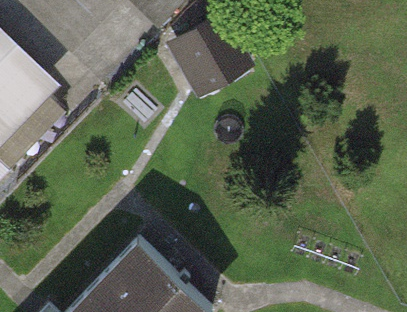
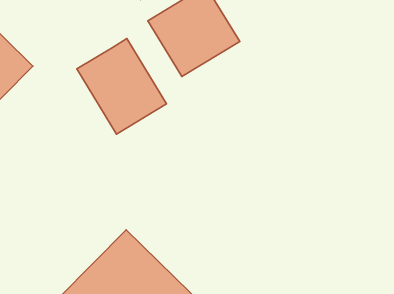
building: none -> [77,39,166,134]

